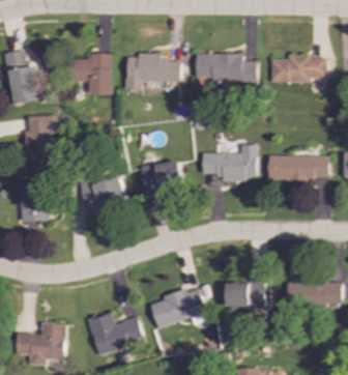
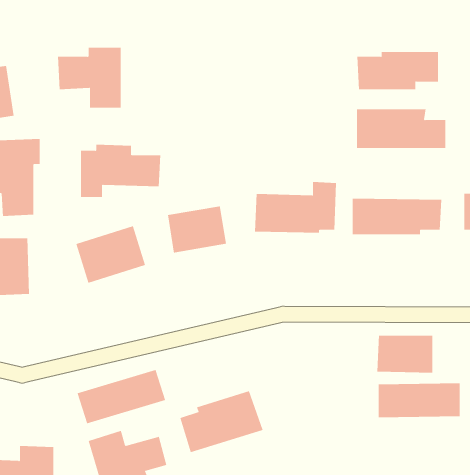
building: [126,53,181,89] -> [80,144,161,198]
building: [196,54,257,81] -> [356,109,446,149]
building: none -> [77,369,166,424]
building: [226,282,264,308] -> [377,335,433,373]

